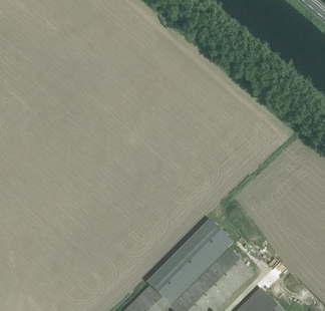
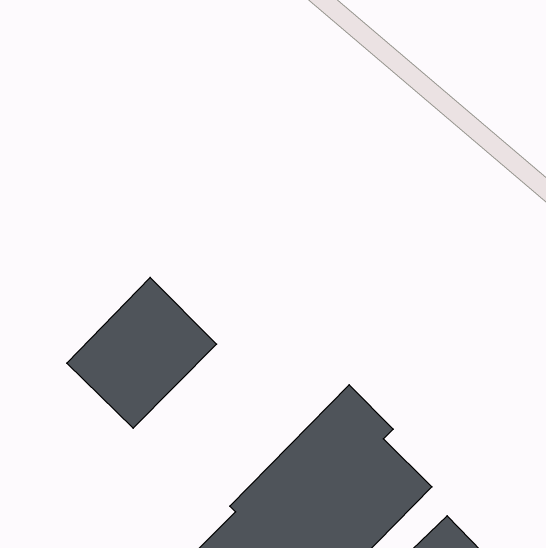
building: none -> [67,277,216,428]

